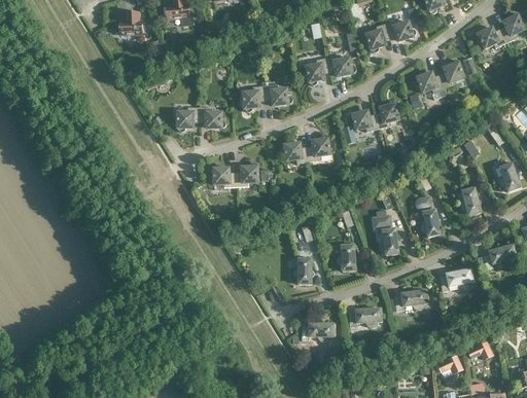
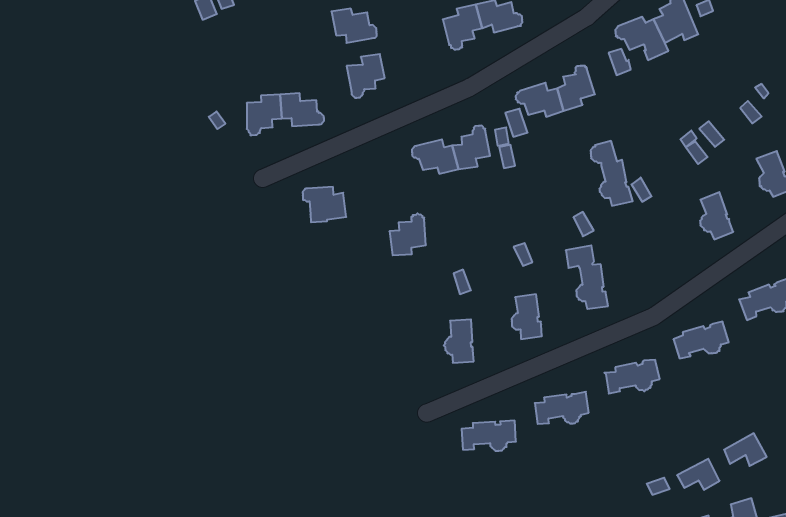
building: [264,83,291,105] -> [331,9,377,43]
building: [235,160,257,186] -> [389,213,426,255]
building: [416,194,441,236] -> [591,141,633,206]

